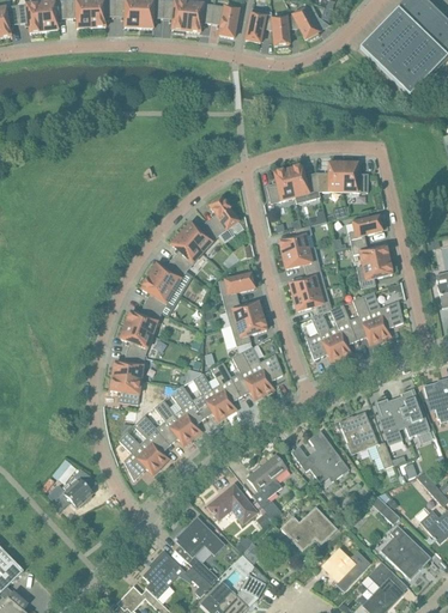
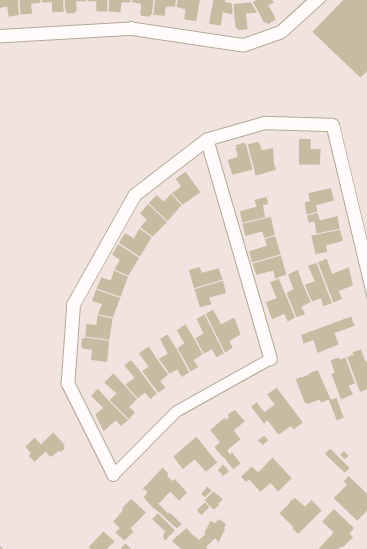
building: [316,162,343,192] -> none
building: [218,273,254,304] -> none
building: none -> [300,316,355,354]

